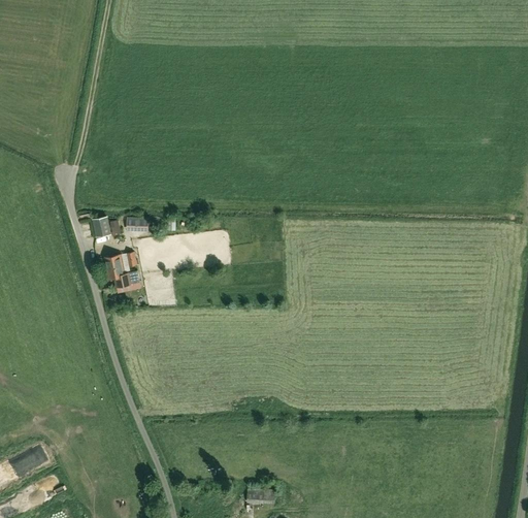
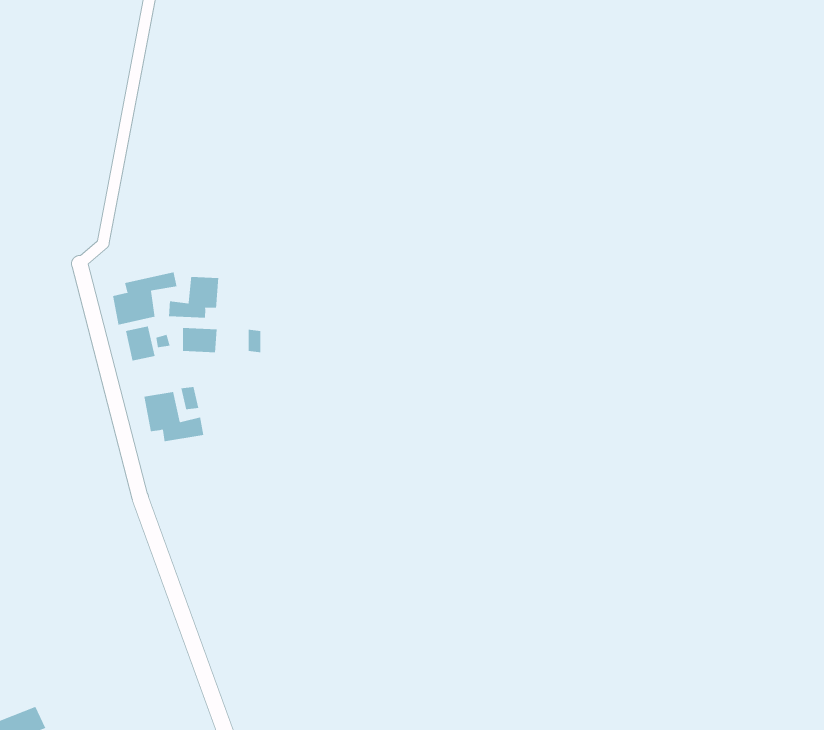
building: none -> [113,271,177,325]
building: none -> [168,276,219,319]

